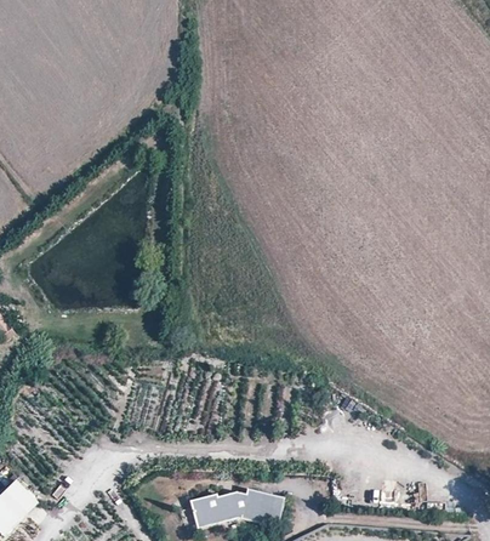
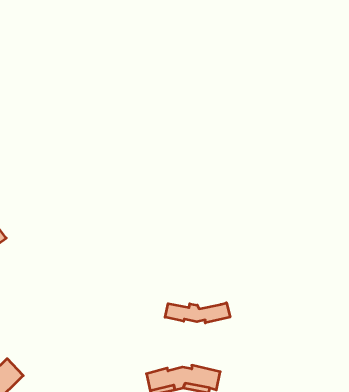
building: none -> [165,303,230,323]

